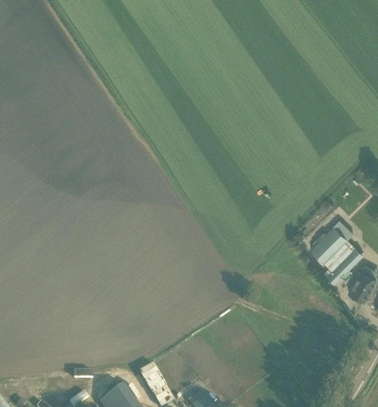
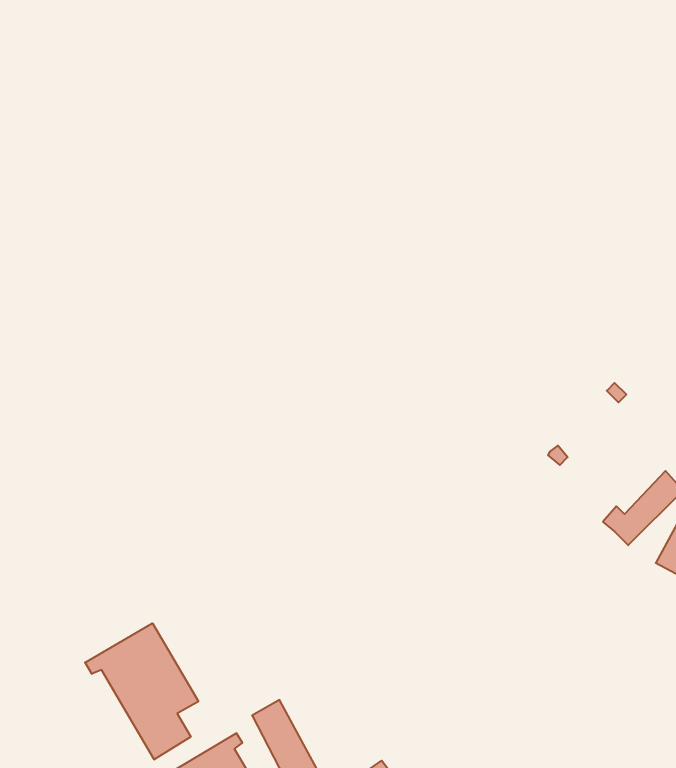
building: [310,217,353,261] -> none
building: none -> [85,623,198,760]

